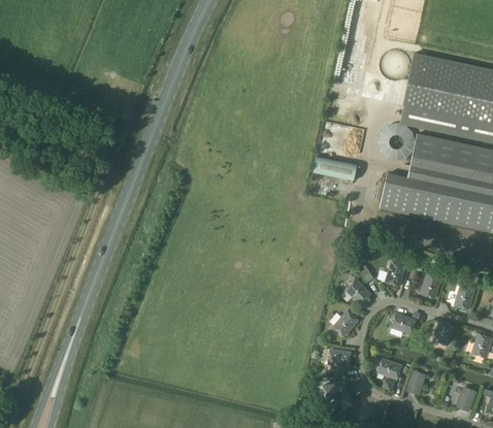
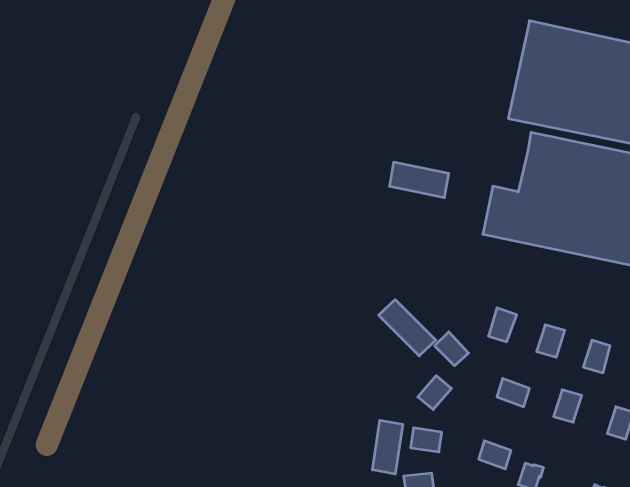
building: none -> [379,300,436,356]
building: none -> [372,420,403,474]

